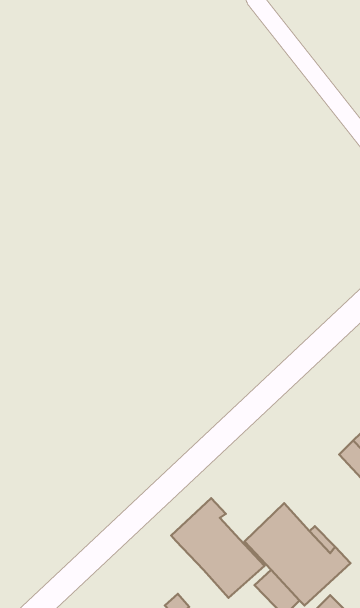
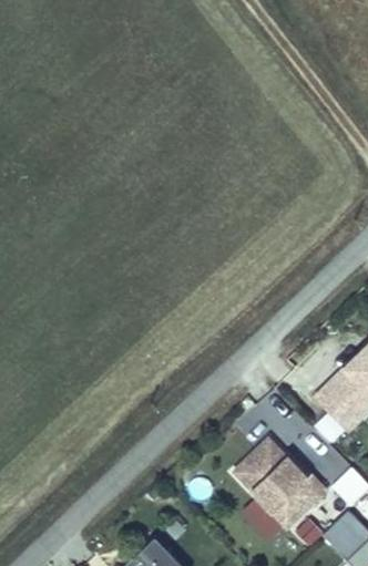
building: [171,498,265,598] -> none

